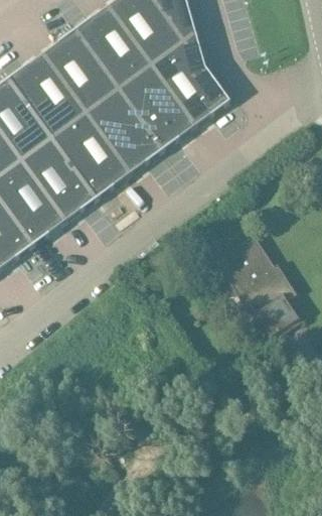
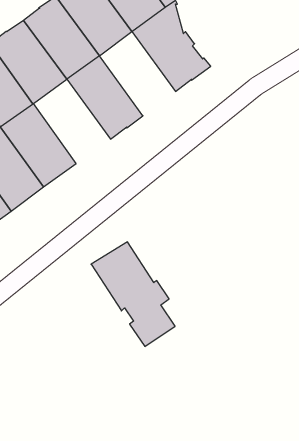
building: [119,66,194,149] -> none
building: [53,113,130,197] -> none
building: [217,235,301,339] -> [91,242,175,346]

